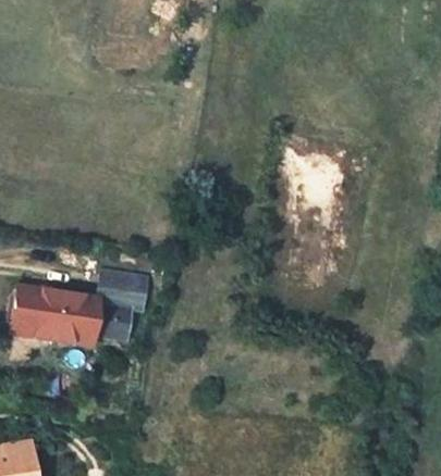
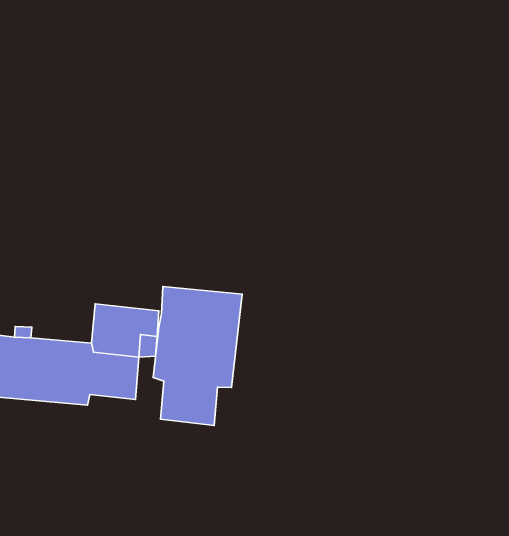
building: none -> [153,287,242,425]

